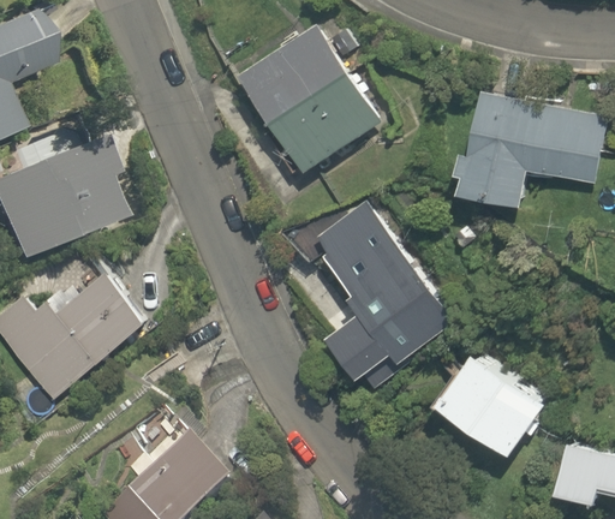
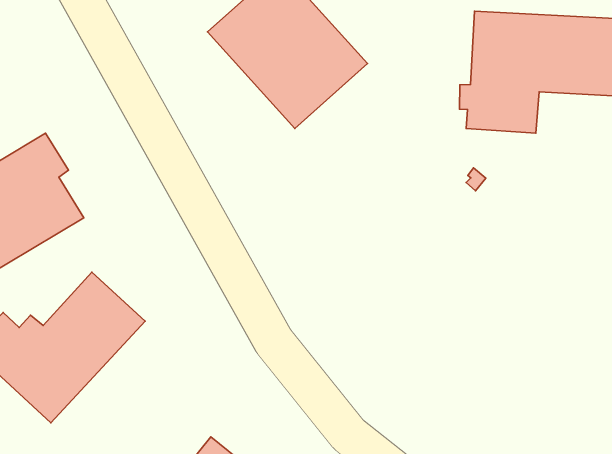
building: [316,201,454,390] -> none
building: [438,354,544,452] -> none

